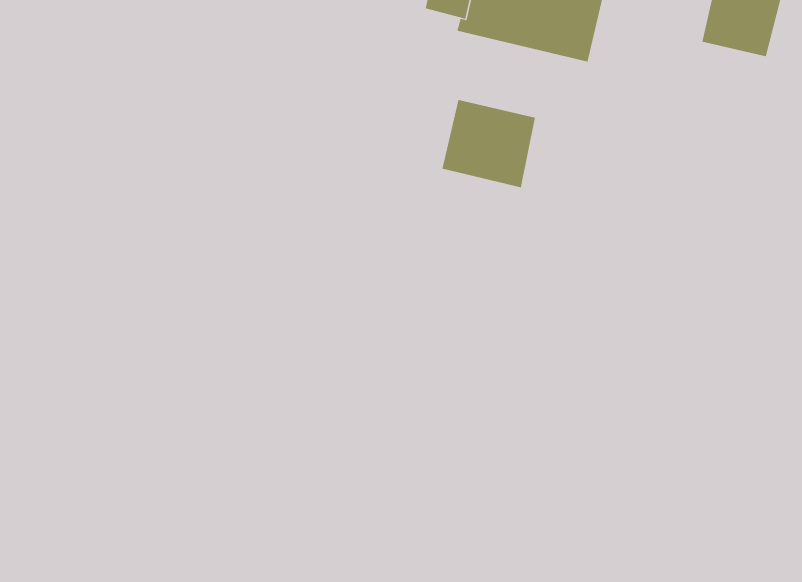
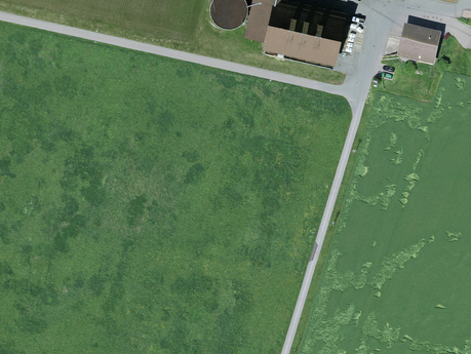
building: [442,99,536,188] -> none

